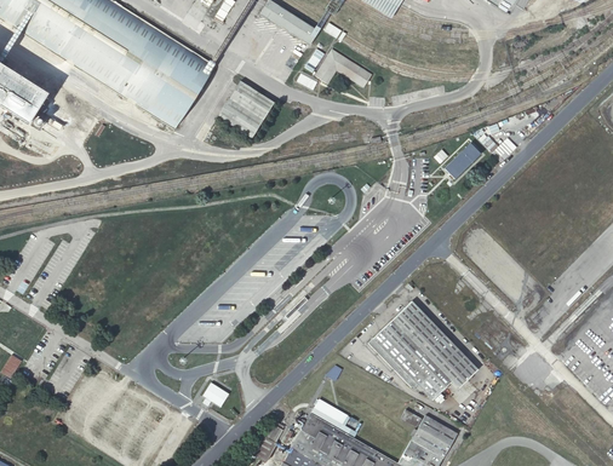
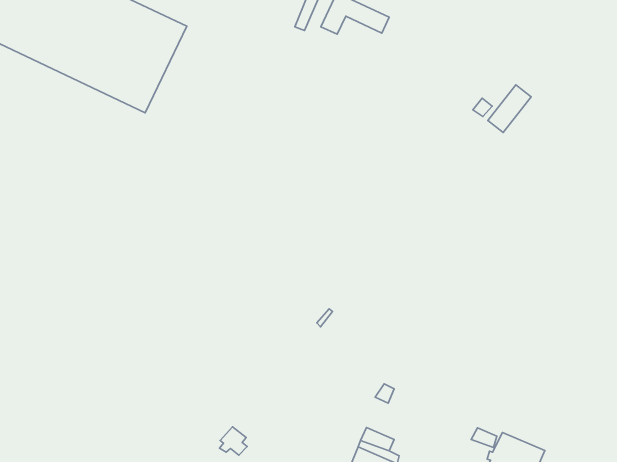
building: [219,81,275,138] -> none
building: [368,301,477,399] -> none

